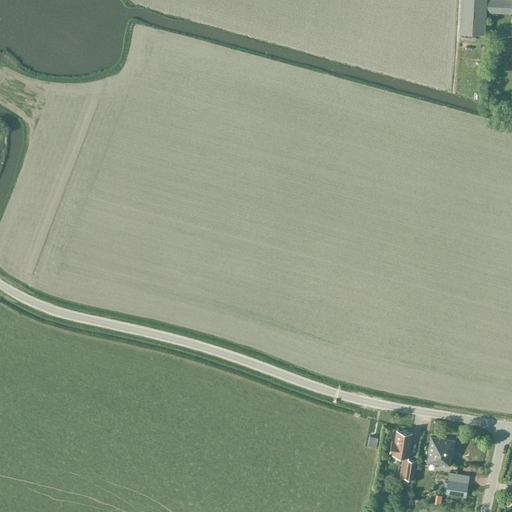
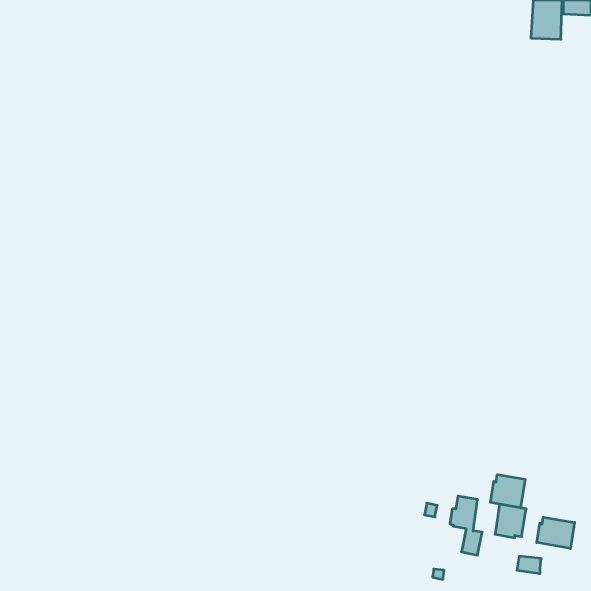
building: none -> [490,475,525,508]
building: none -> [537,517,575,549]

